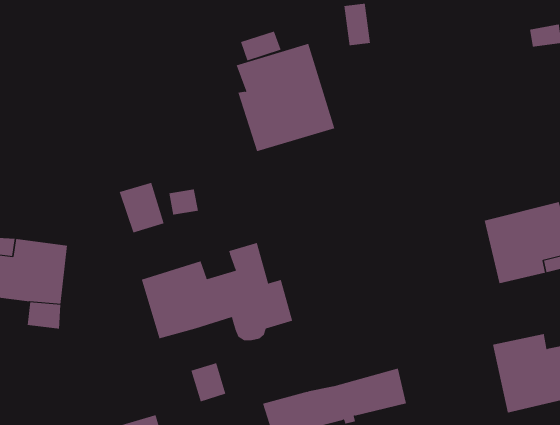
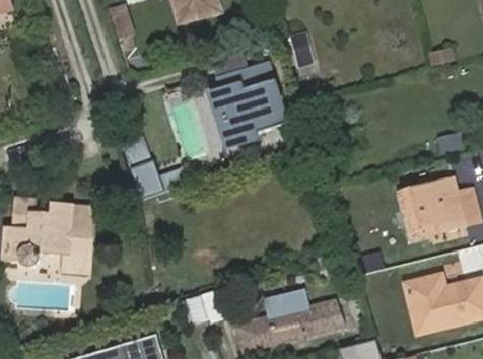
building: [141,242,293,341] -> none
building: none -> [263,287,309,317]

